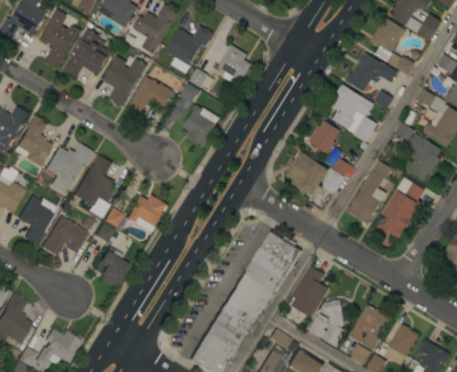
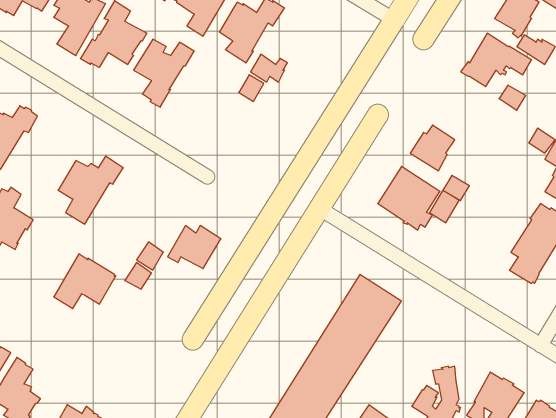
building: [218,45,251,86] -> none
building: [126,76,173,116] -> none
building: [331,84,378,142] -> none
building: [182,105,219,145] -> none
building: [14,114,53,166] -> none
building: [74,154,113,207] -> none
building: [346,160,391,225] -> none
building: [18,195,56,245] -> none
building: [95,245,129,287] -> none
building: [291,265,329,318] -> none

